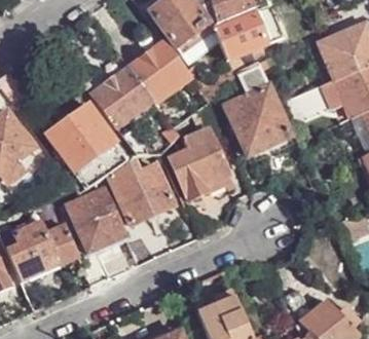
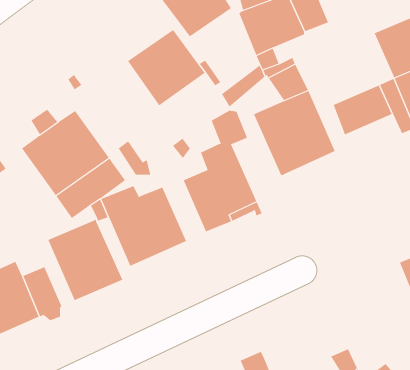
building: [90,65,152,126] -> none

